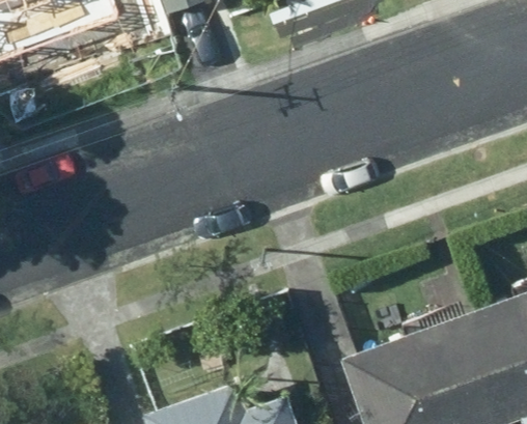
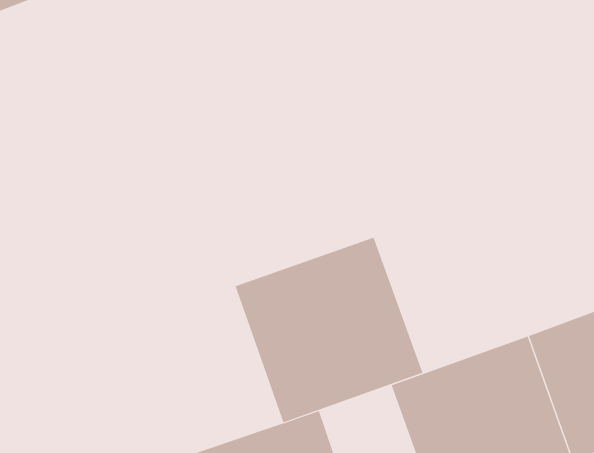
building: none -> [235,237,423,423]

